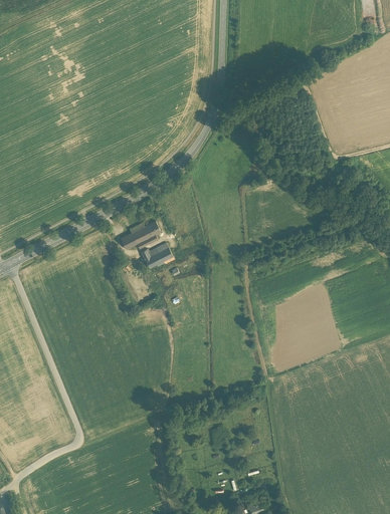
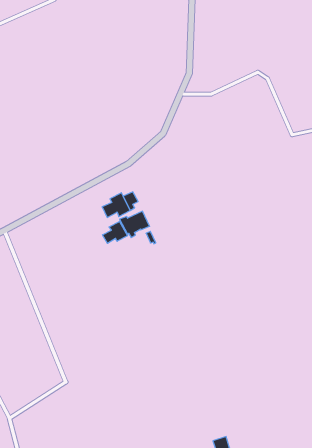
building: none -> [103,221,128,243]

